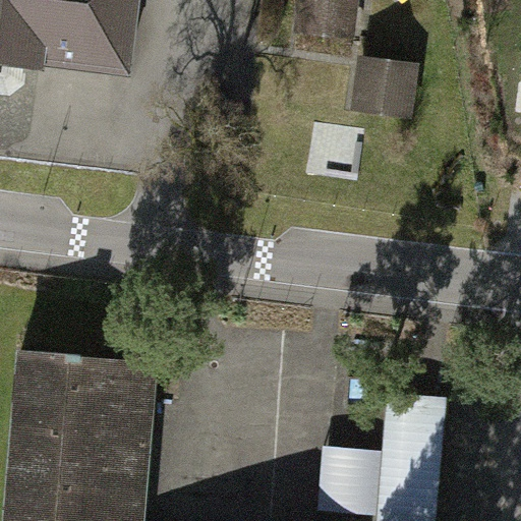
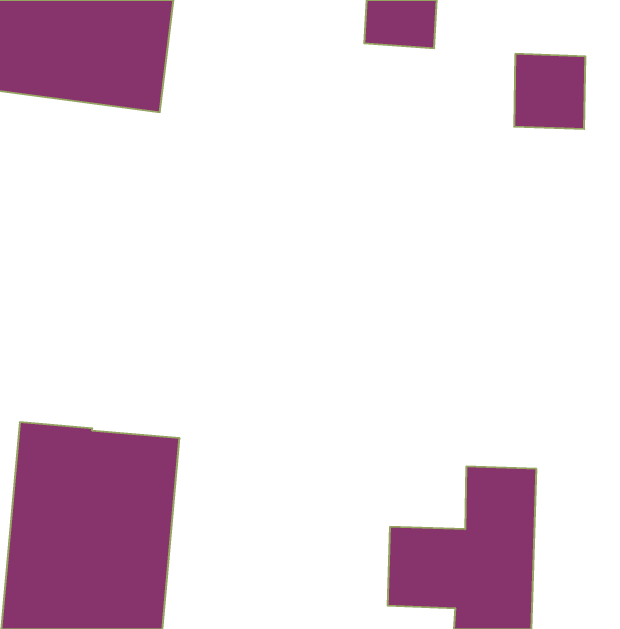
building: [360,58,419,120] -> [514,54,585,129]

